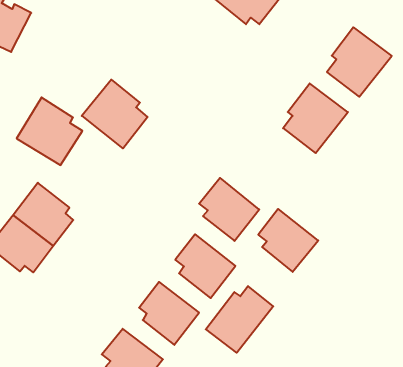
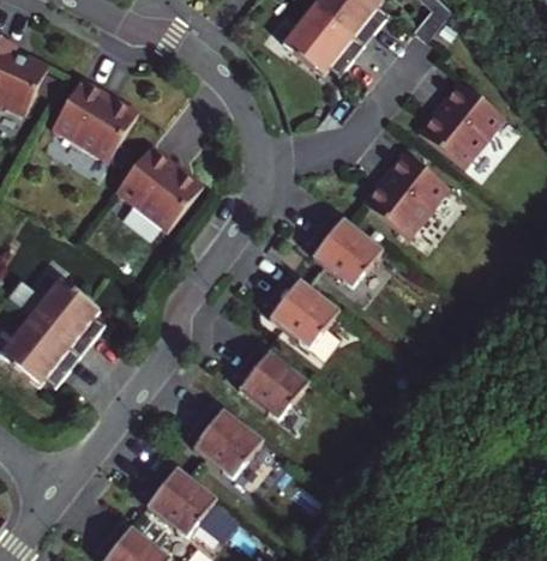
building: [17,97,82,165] -> [53,76,136,161]
building: [258,209,318,272] -> [309,211,385,290]
building: [206,286,273,353] -> none

